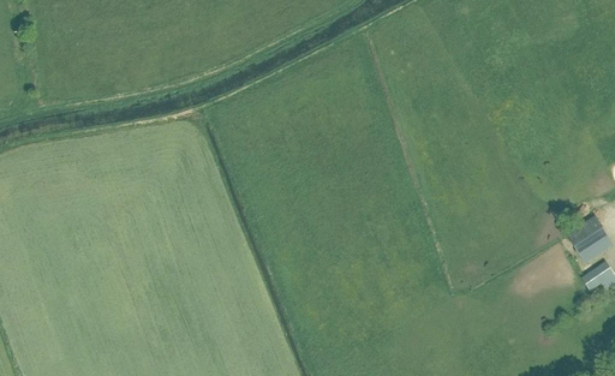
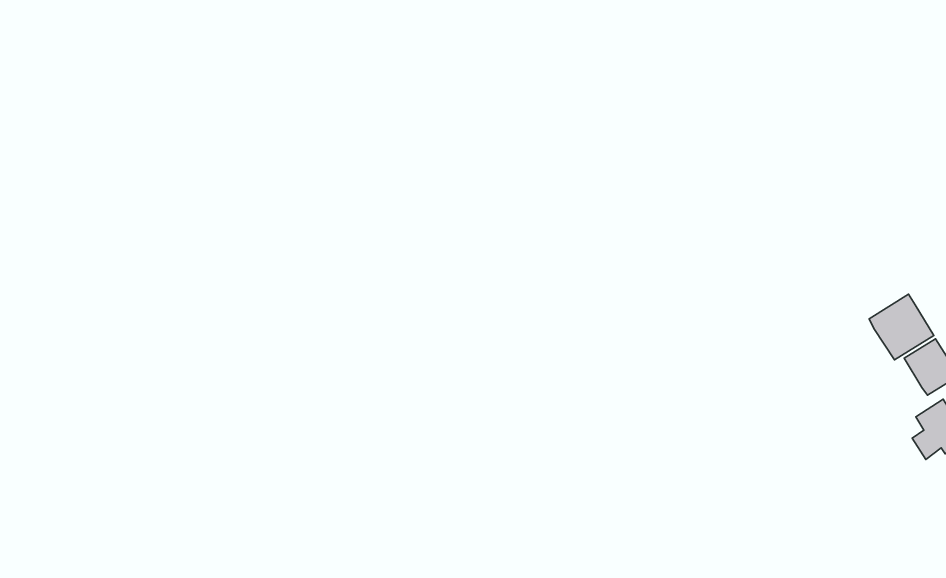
building: none -> [869,294,934,360]

